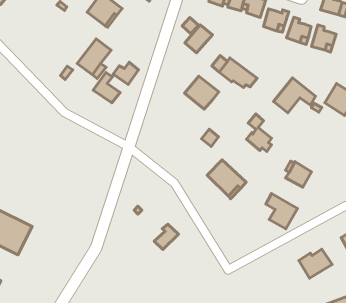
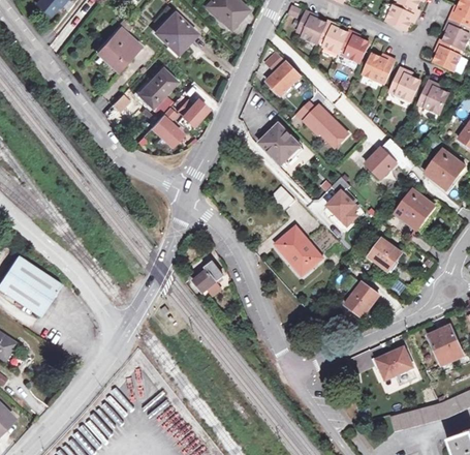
building: none -> [97,28,139,70]
building: none -> [396,191,434,230]
building: [154,224,178,250] -> [193,263,223,293]

